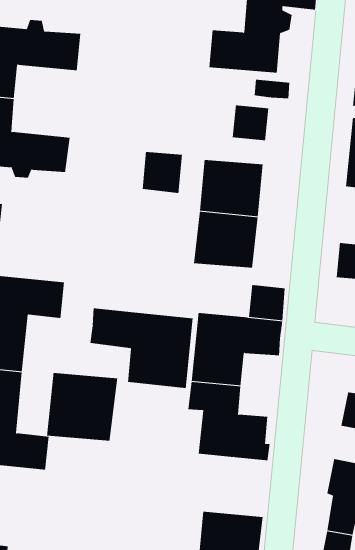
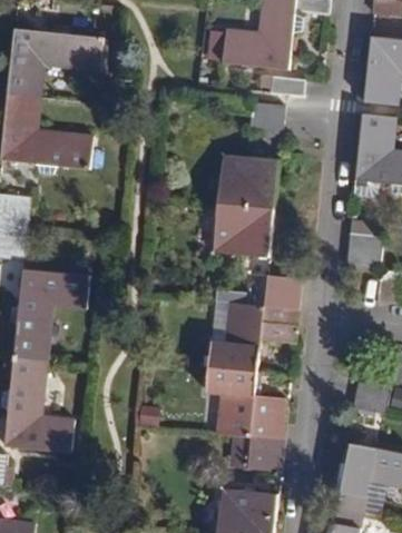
building: [142,151,183,194] -> none
building: [90,308,193,389] -> none
building: [47,372,118,442] -> none
building: none -> [246,438,282,473]

